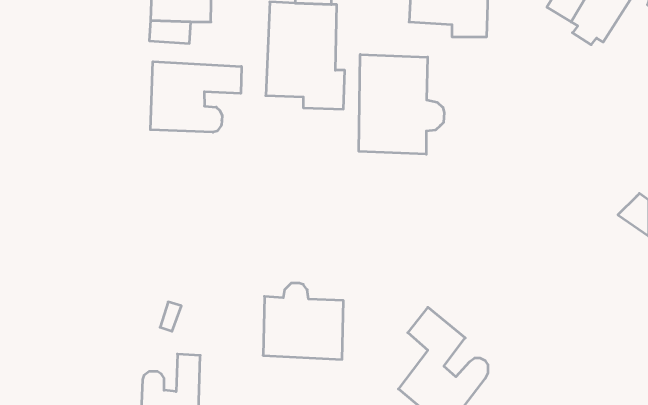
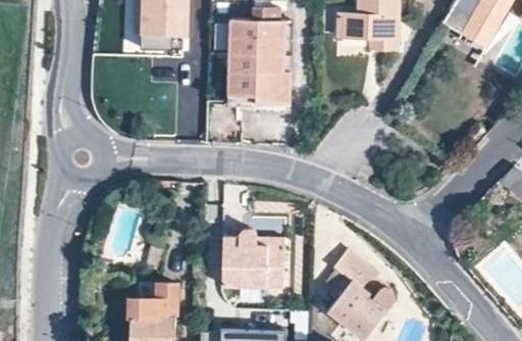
building: [359,54,444,154] -> none
building: [150,62,241,132] -> none

